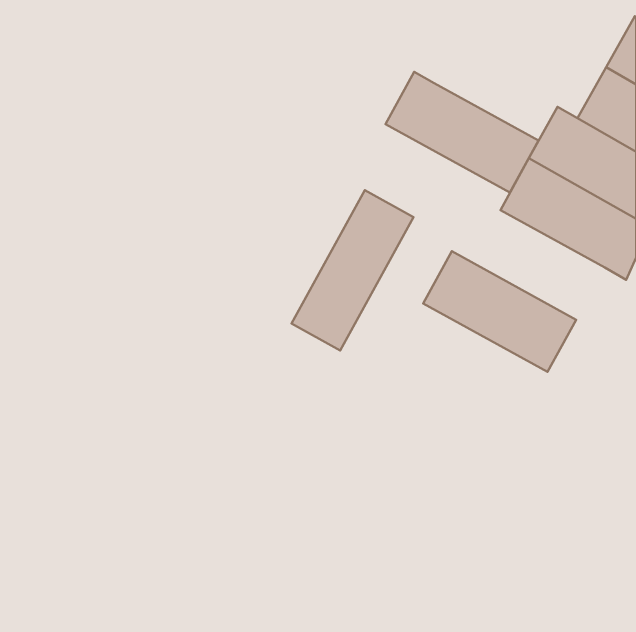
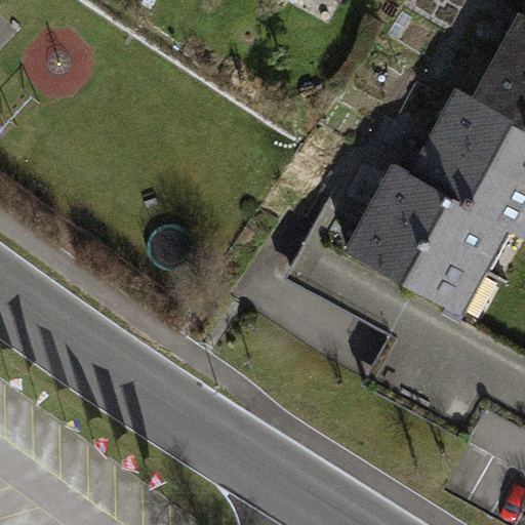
building: [386,72,539,193] -> [372,167,498,267]
building: [291,190,414,350] -> none

